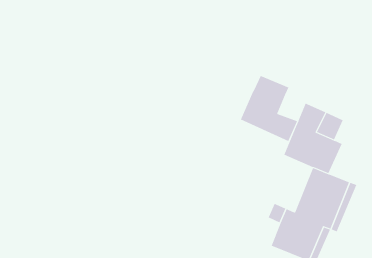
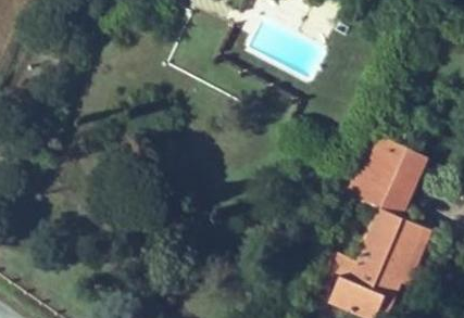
building: [240,75,298,142] -> none

